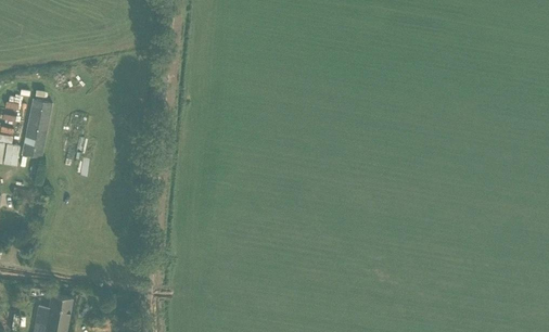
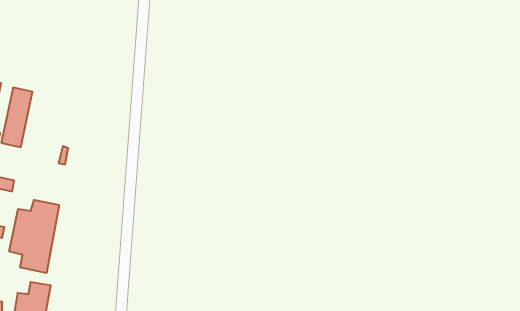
building: none -> [9,200,59,273]

